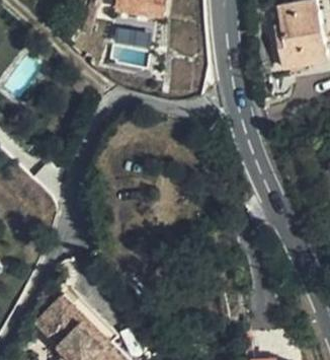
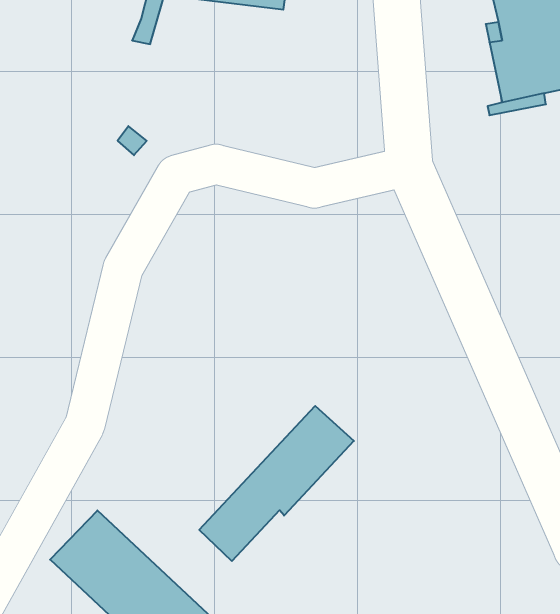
building: none -> [199,406,354,561]

